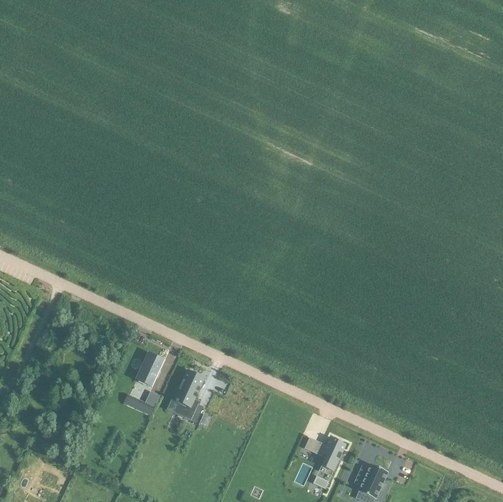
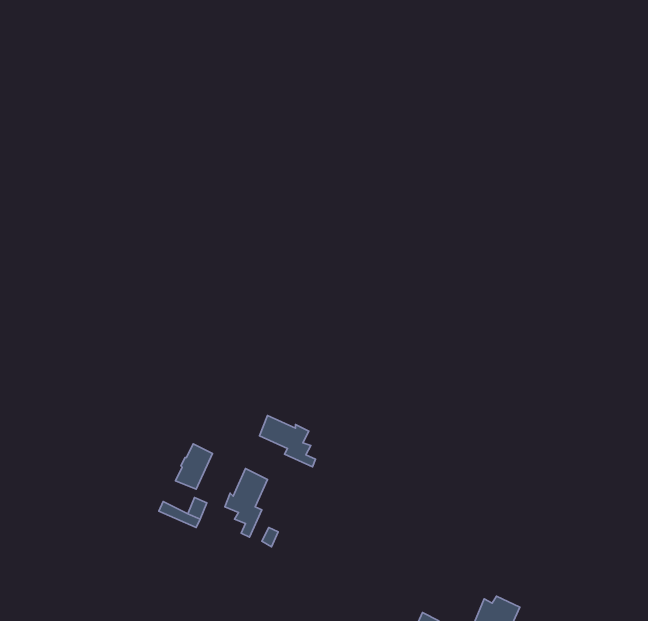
building: none -> [259,416,315,467]
building: [315,436,346,471] -> none

